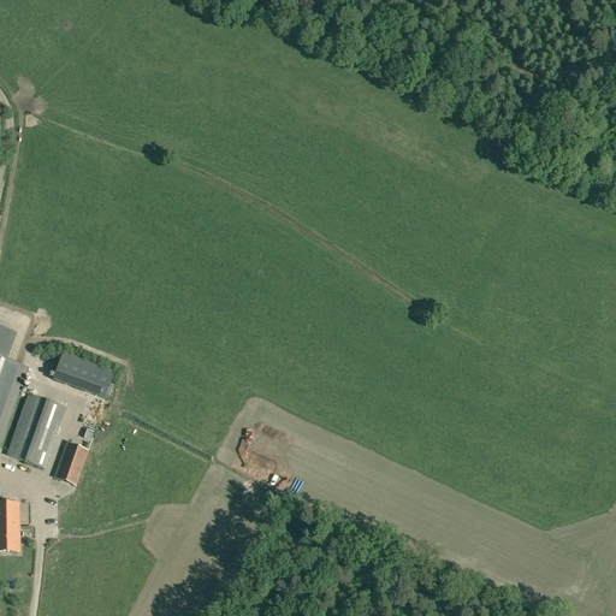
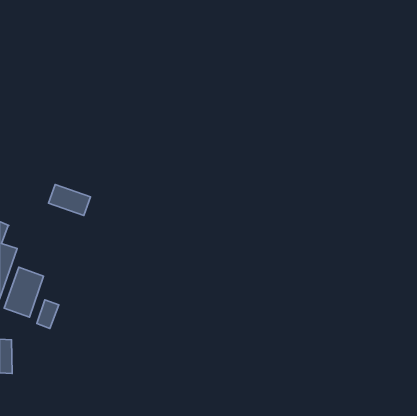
building: [52,350,113,396] -> [49,184,90,215]

